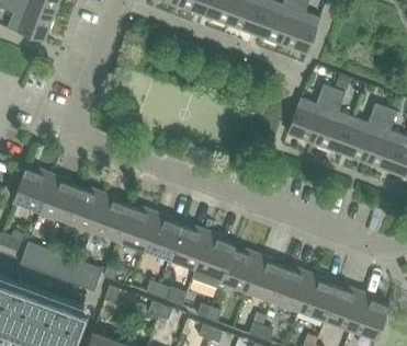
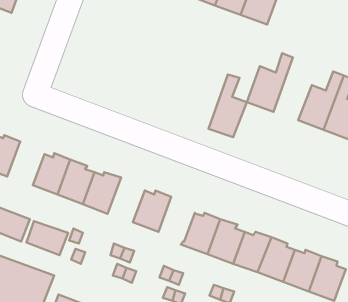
building: [314,88,353,152] -> [209,75,247,137]
building: [39,174,78,219] -> none
building: [143,211,181,257] -> none
building: [195,231,235,277] -> none

